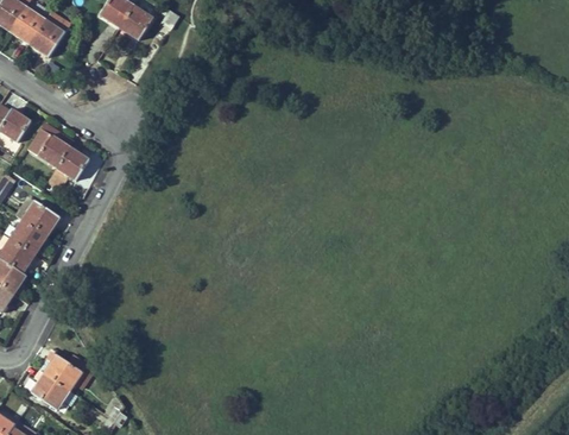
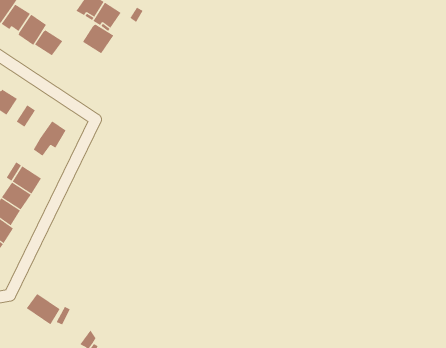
building: none -> [82,24,114,54]
building: none -> [34,29,63,56]
building: [38,134,70,166] -> none
building: [31,370,69,408] -> none

